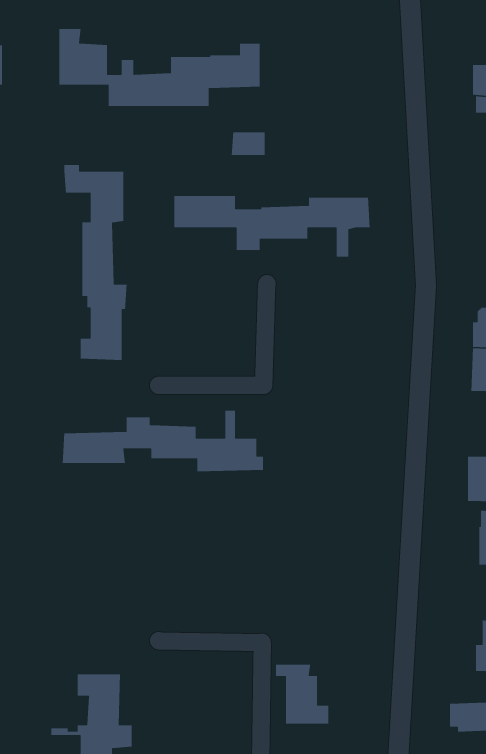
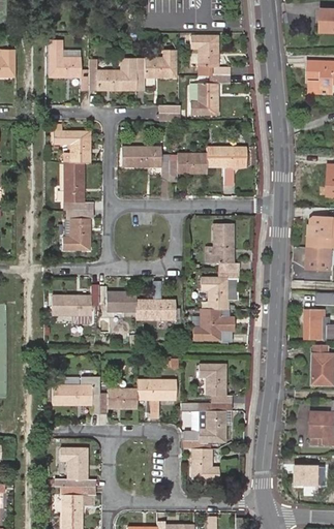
building: none -> [190,35,229,114]
building: none -> [192,223,238,342]
building: none -> [199,364,232,441]
building: none -> [53,377,175,418]

